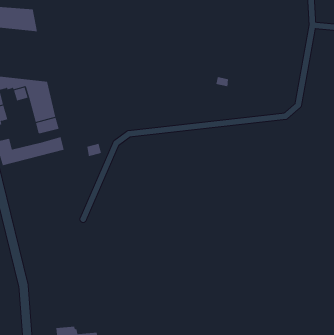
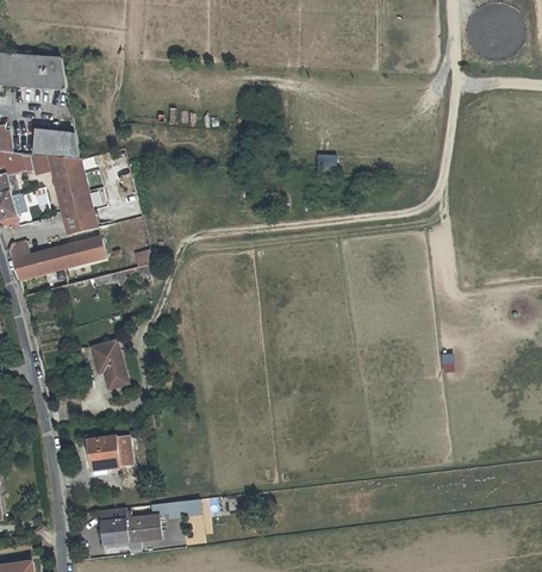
building: none -> [33,129,80,157]
building: none -> [91,342,126,390]
building: none -> [85,434,133,471]

